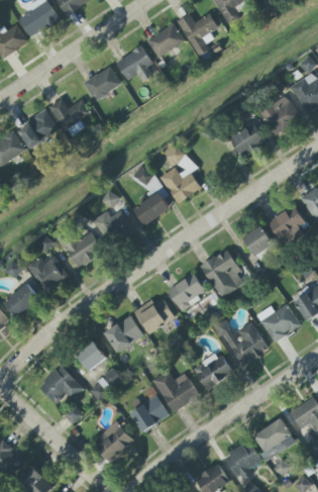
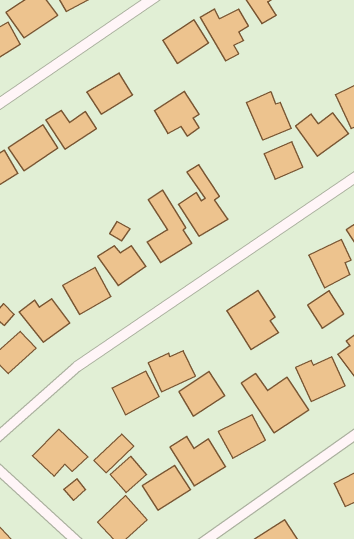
building: [116,45,153,83] -> [154,91,199,136]
building: none -> [247,92,291,140]
building: [242,225,273,257] -> [308,291,344,328]
building: [168,273,206,310] -> [179,371,225,416]
building: [76,341,106,372] -> [110,456,147,493]
building: [253,419,291,452] -> none

